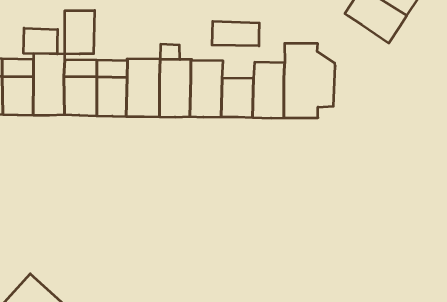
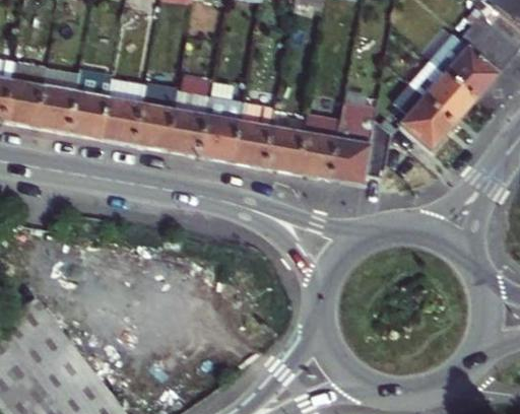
building: [65,10,95,54] -> none
building: none -> [399,87,451,145]
building: [212,21,259,46] -> none
building: [24,28,58,54] -> none

